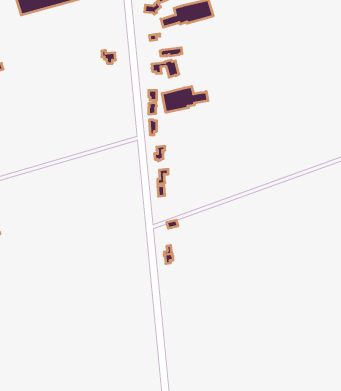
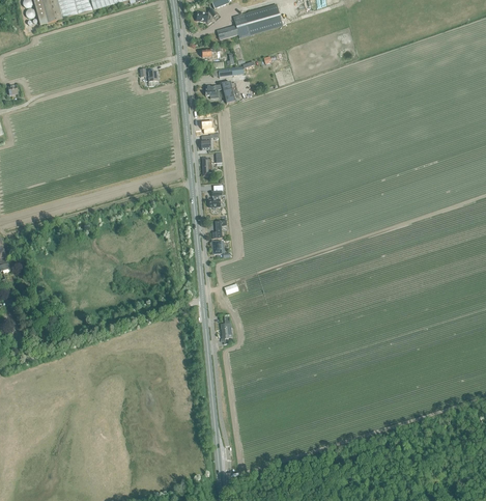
building: [162,86,208,112] -> none

